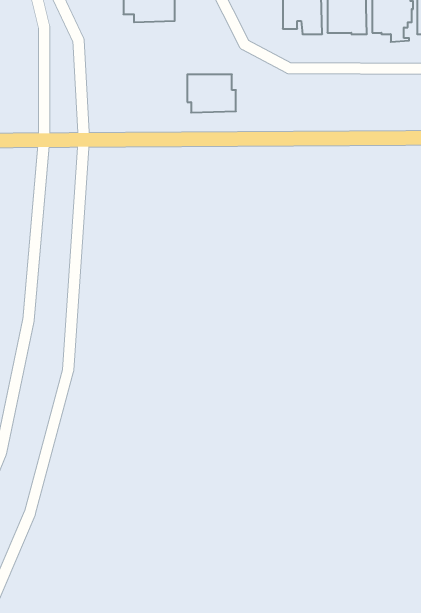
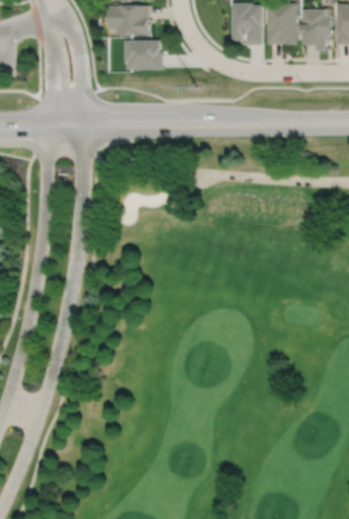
building: [187,74,236,113] -> [125,41,162,70]

